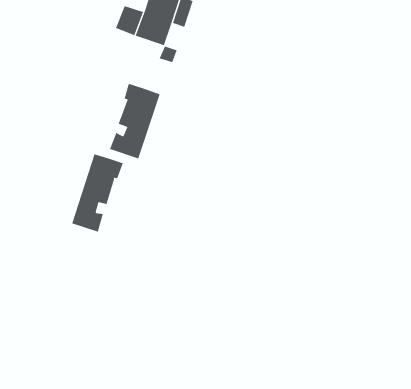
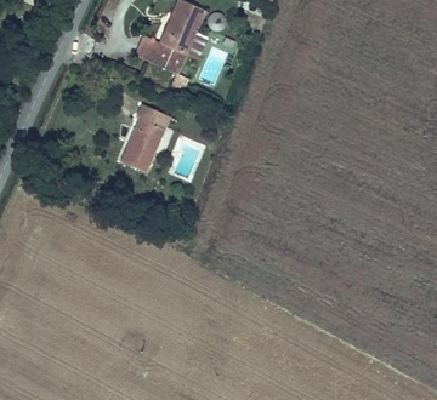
building: [71,154,124,233] -> none

